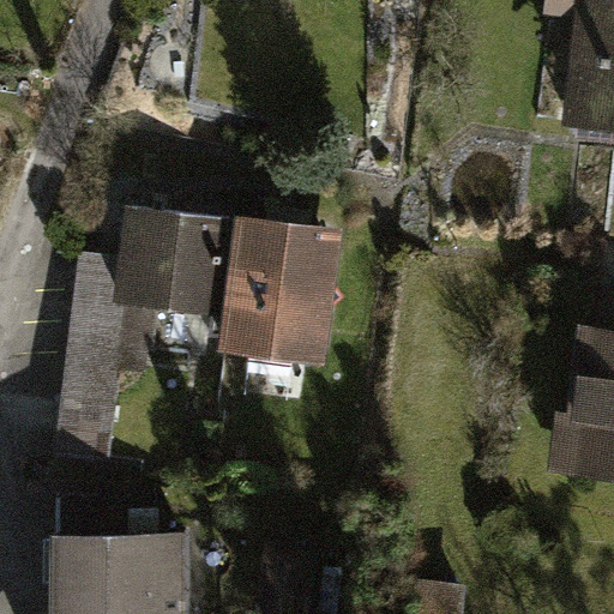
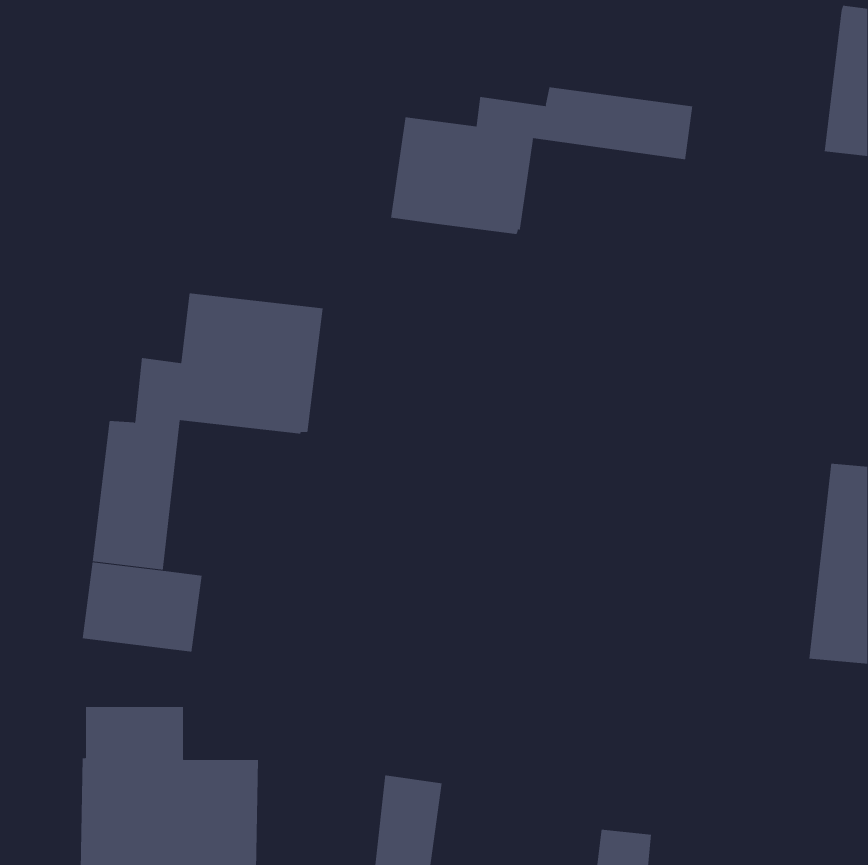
building: none -> [391,87,693,235]
building: [209,221,336,367] -> none

